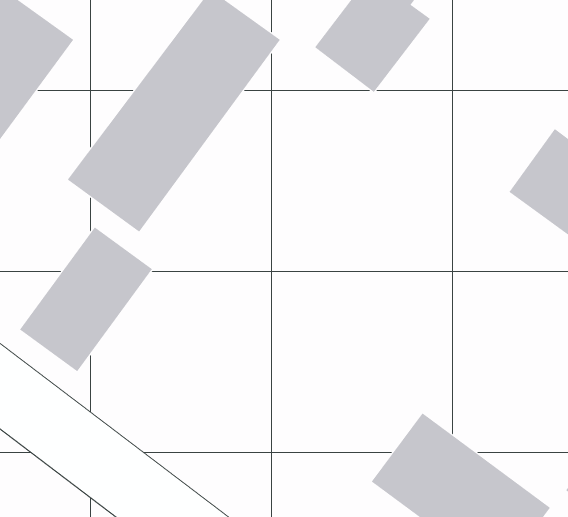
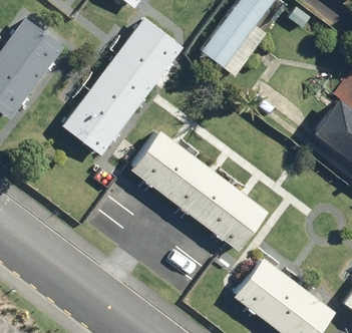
building: none -> [130,129,268,250]
building: [19,227,153,372] -> none

